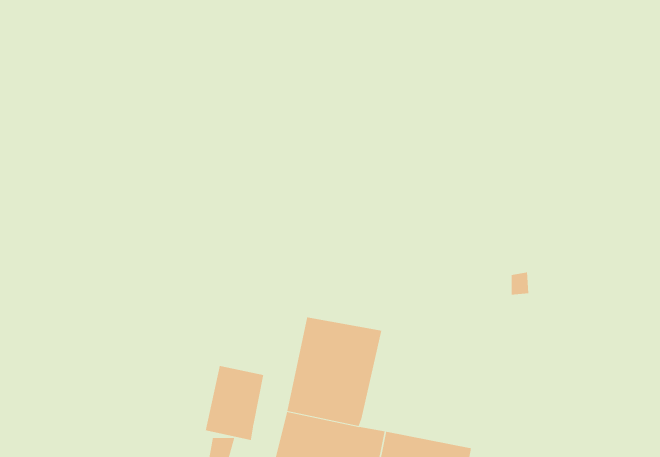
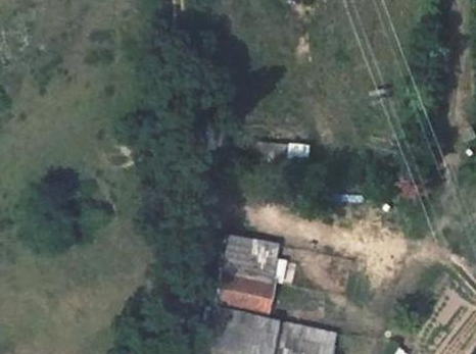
building: [205,365,264,441] -> none

